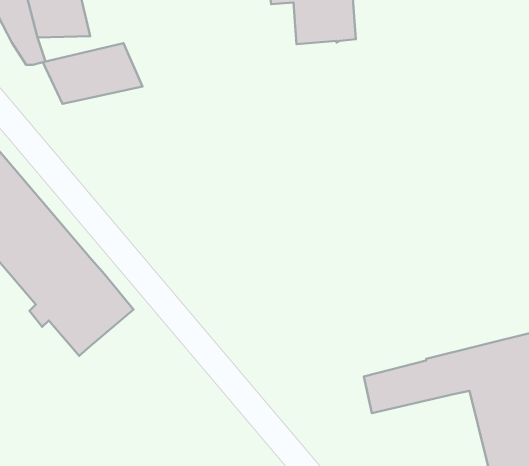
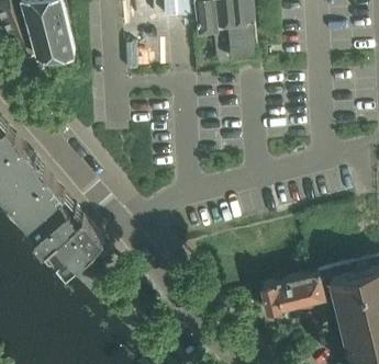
building: [43,43,143,104] -> none

